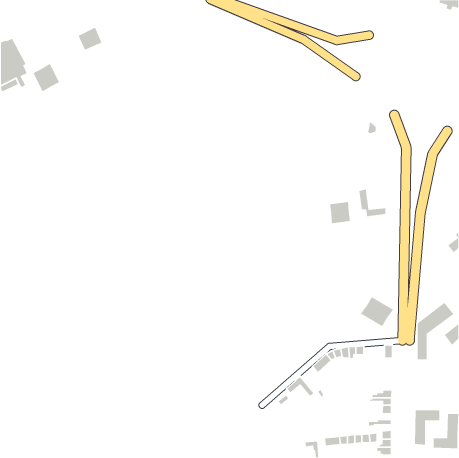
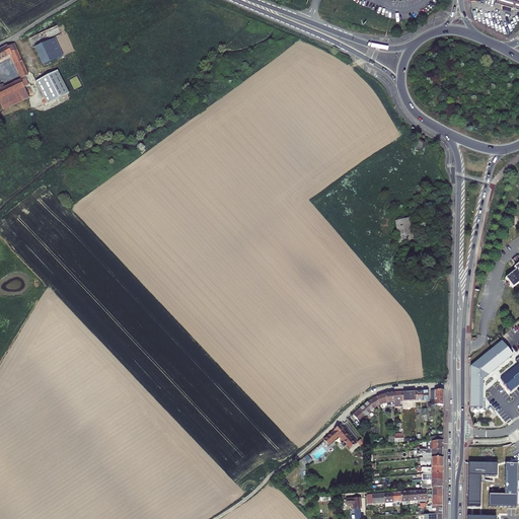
building: [77,27,103,51] -> [34,36,63,64]
building: [329,201,351,224] -> none
building: [360,296,394,327] -> none

